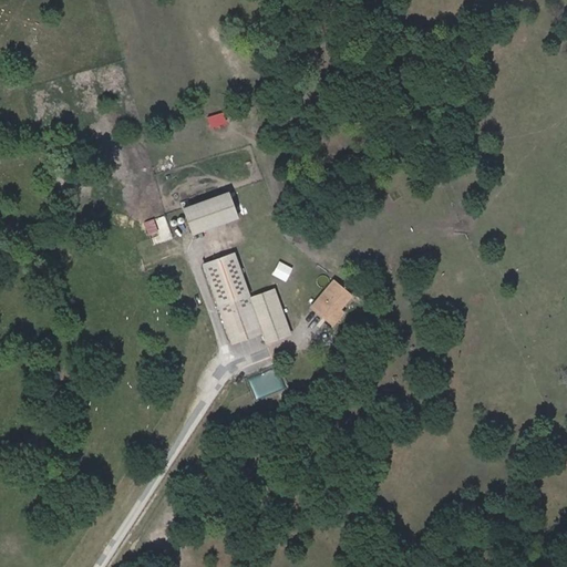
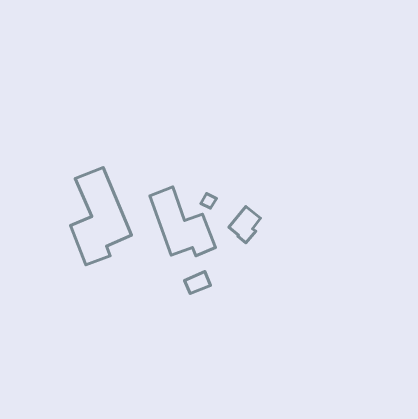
building: [183,192,239,235] -> none
building: none -> [70,168,132,265]

